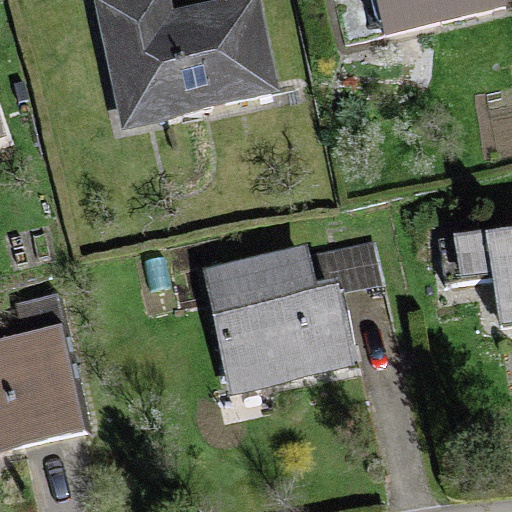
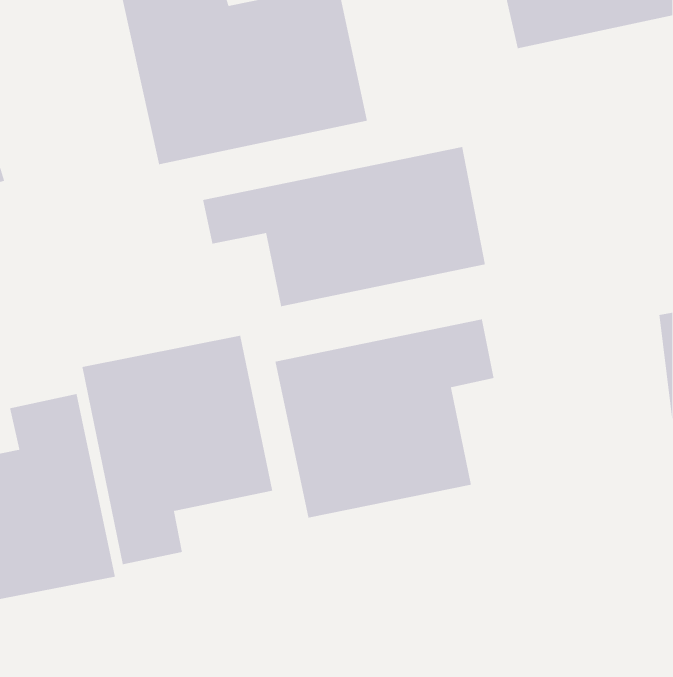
building: none -> [202,146,486,307]
building: none -> [82,335,273,565]

